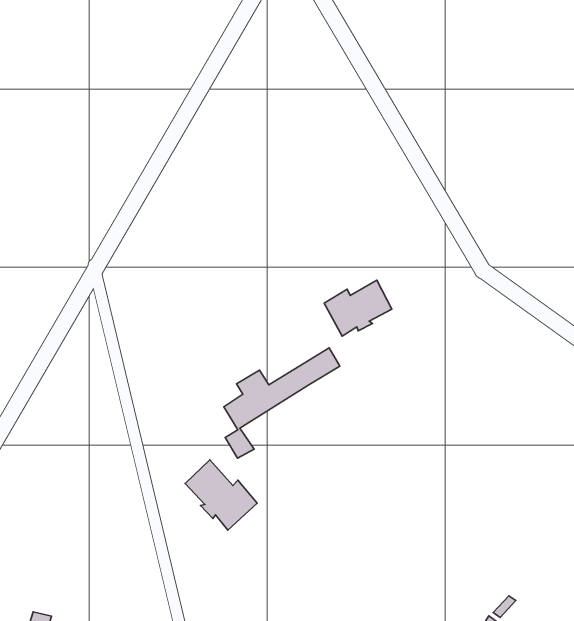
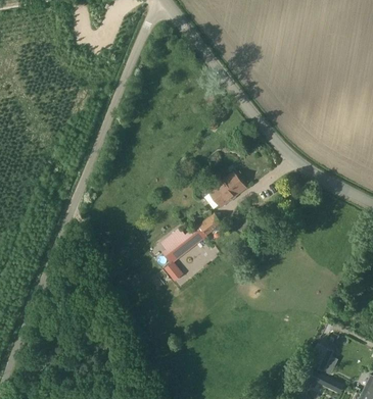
building: [185,460,257,530] -> none

